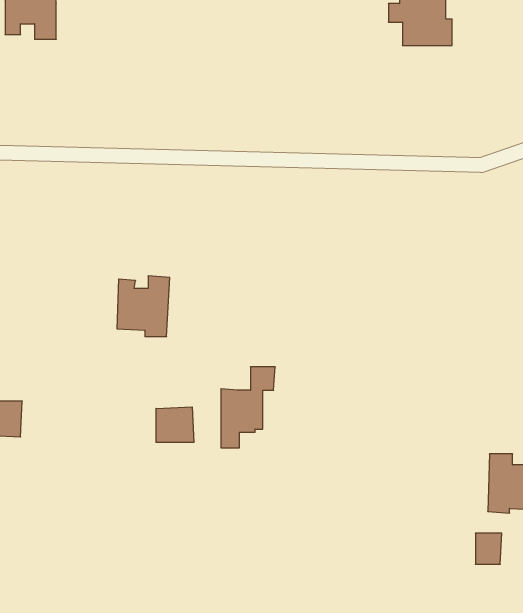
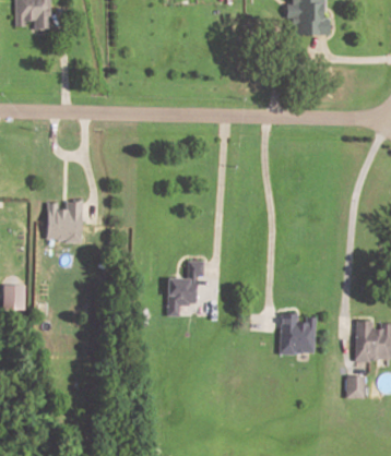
building: [117,276,170,337] -> [45,201,82,243]
building: [156,407,194,442] -> none
building: none -> [279,313,316,355]

